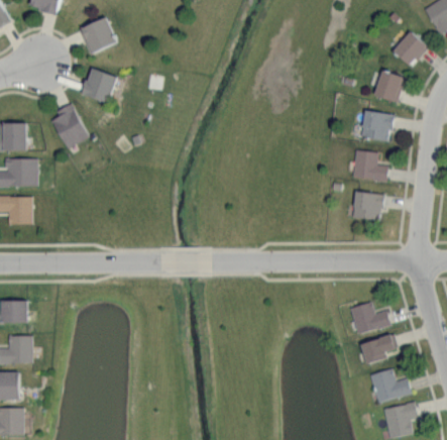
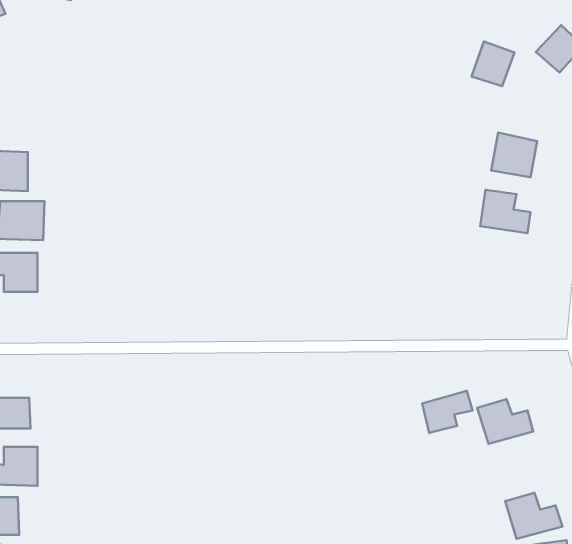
building: [81,17,115,52] -> none
building: [82,68,116,103] -> none
building: [373,70,405,102] -> [471,41,515,86]
building: [49,105,89,149] -> none
building: [352,191,383,221] -> none
building: [361,334,398,364] -> [422,391,472,433]

